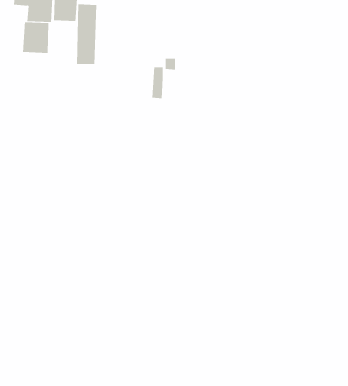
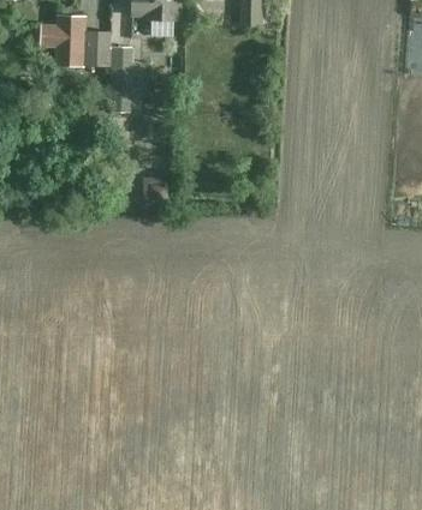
building: [23,21,49,54] -> none

